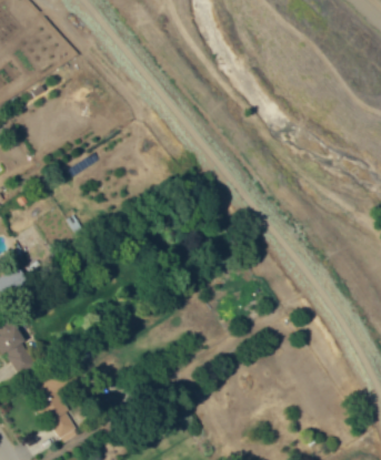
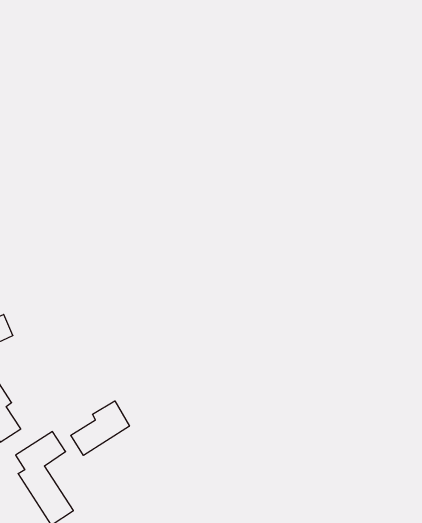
building: none -> [71,401,129,455]

